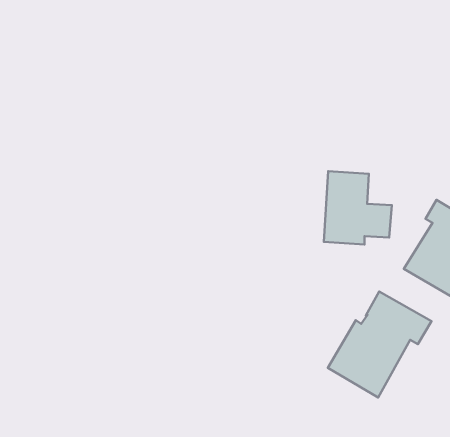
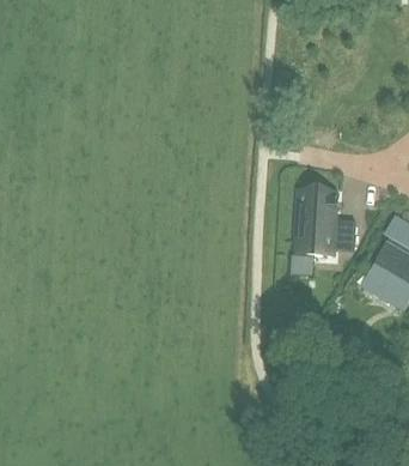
building: [328,291,431,397] -> none

